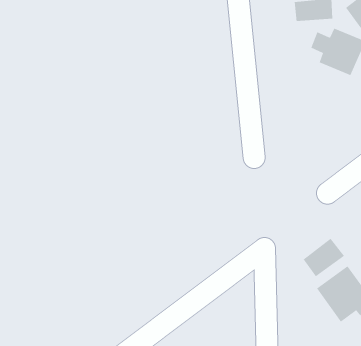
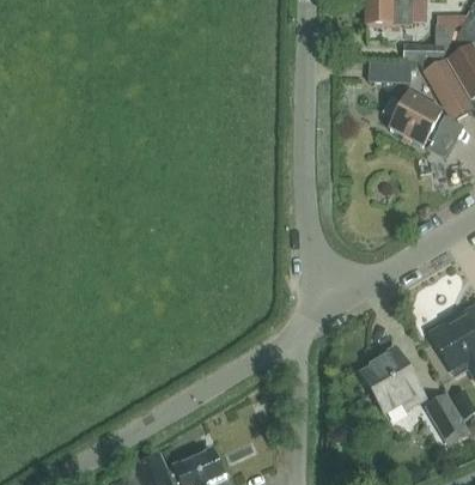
building: [303,238,345,277] -> none

